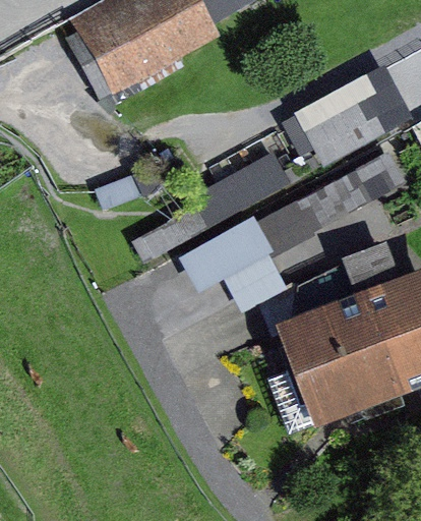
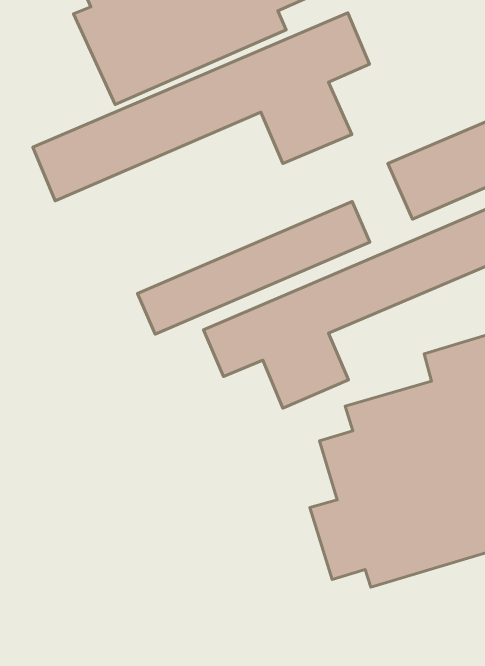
building: none -> [33,13,370,201]

